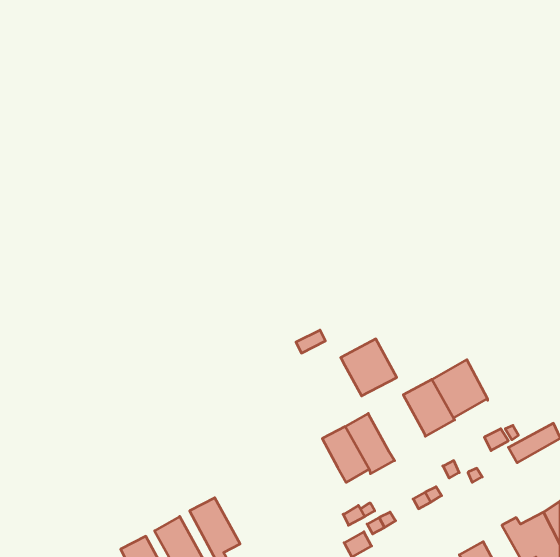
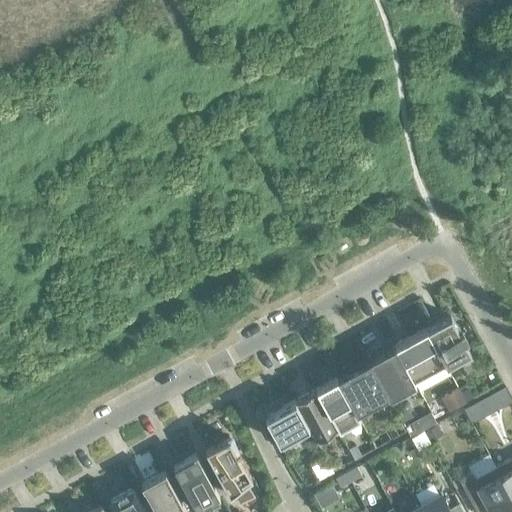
building: [341,339,397,396] -> [336,363,387,415]
building: none -> [426,318,470,368]
building: none -> [264,403,308,445]
building: none -> [205,434,252,504]

